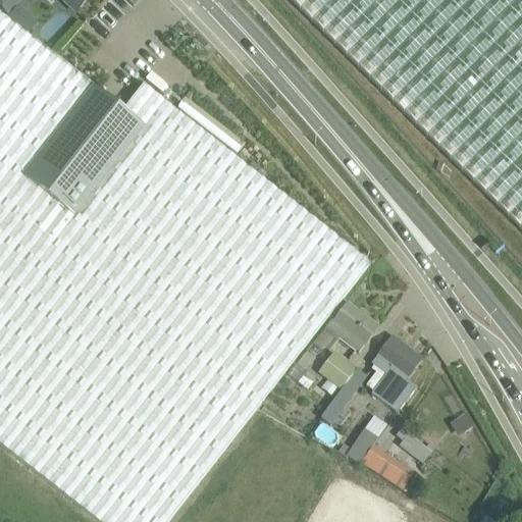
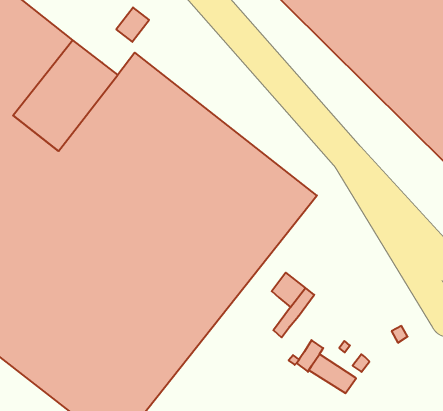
building: [124,82,162,121] -> [116,7,149,42]
building: [314,301,378,350] -> none
building: [371,333,422,412] -> none

